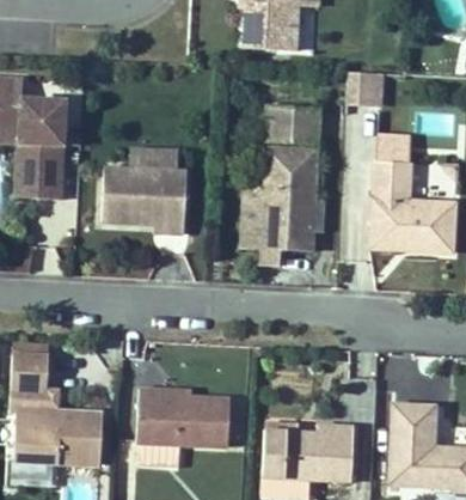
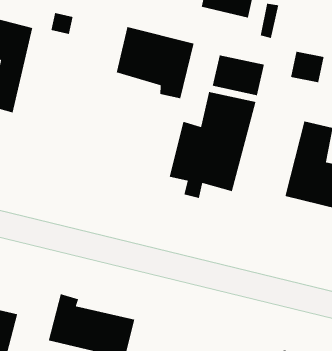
building: [105,157,185,226] -> [116,26,195,99]

